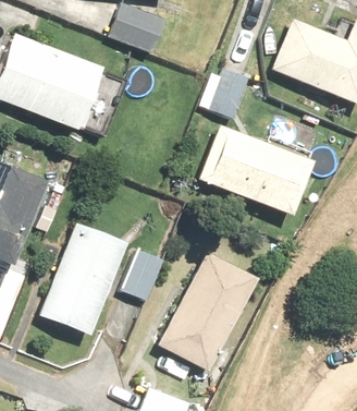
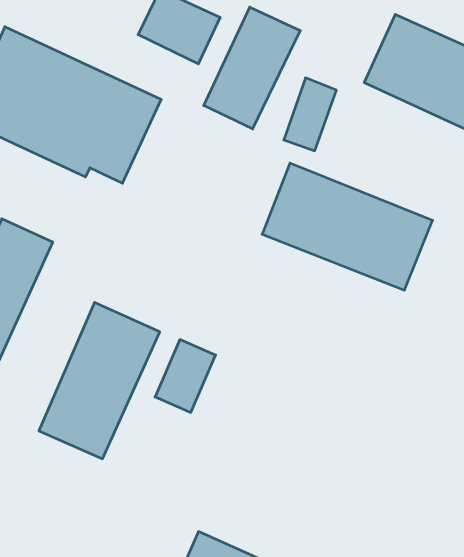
building: none -> [204,7,300,129]
building: [160,250,259,370] -> none

